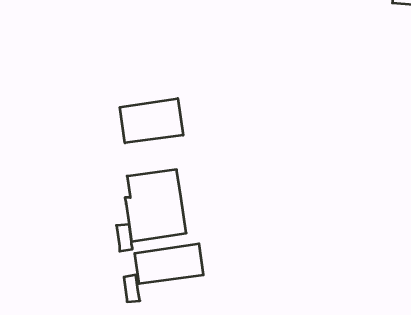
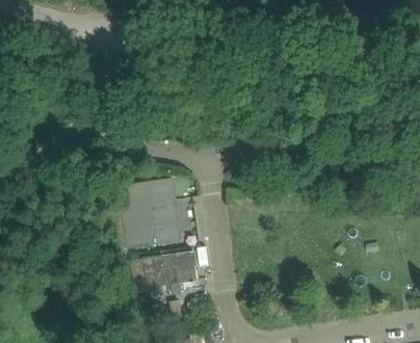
building: [120,98,183,143] -> none

